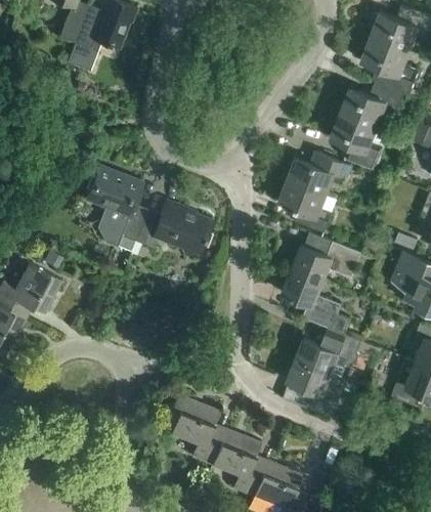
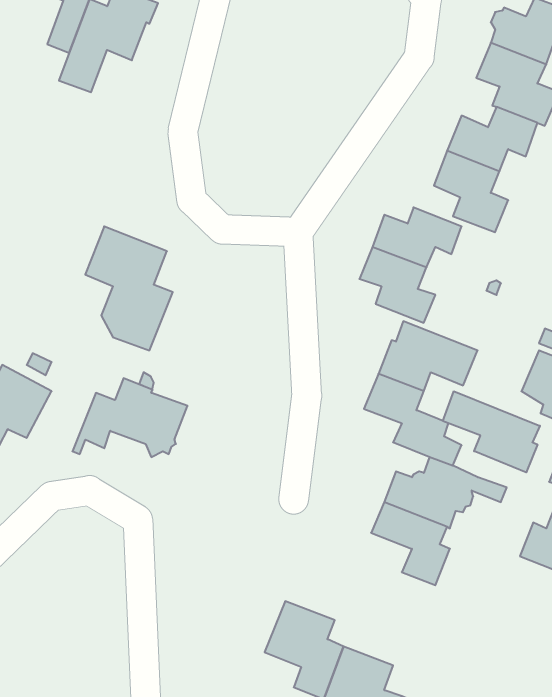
building: [130,202,211,257] -> [72,378,188,457]
building: none -> [443,391,540,472]
building: [163,394,225,466] -> none

